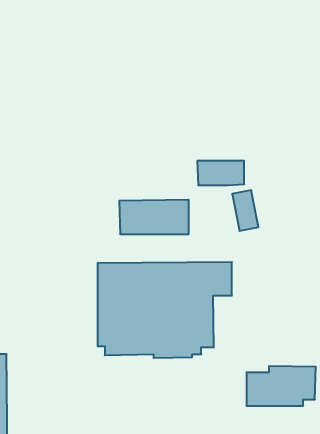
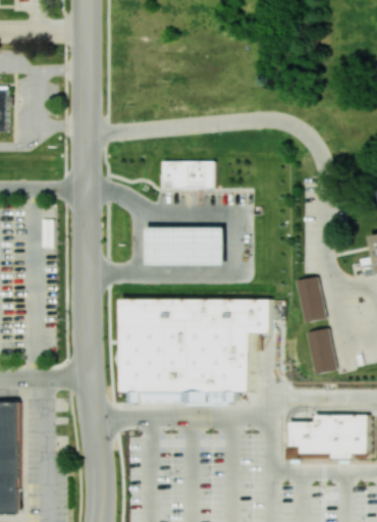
building: [197,161,244,185] -> [160,160,213,188]
building: [232,190,258,231] -> [295,275,325,321]
building: none -> [306,326,335,373]

